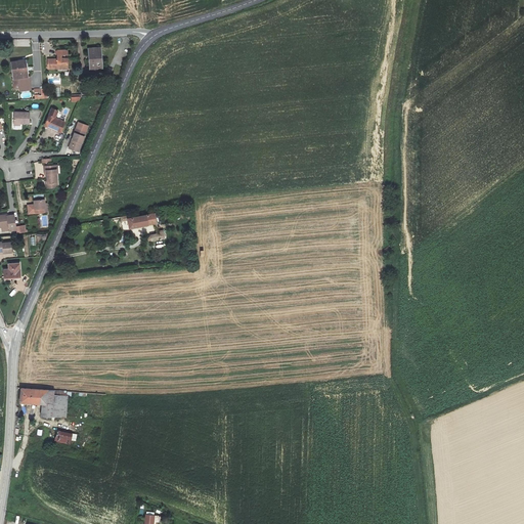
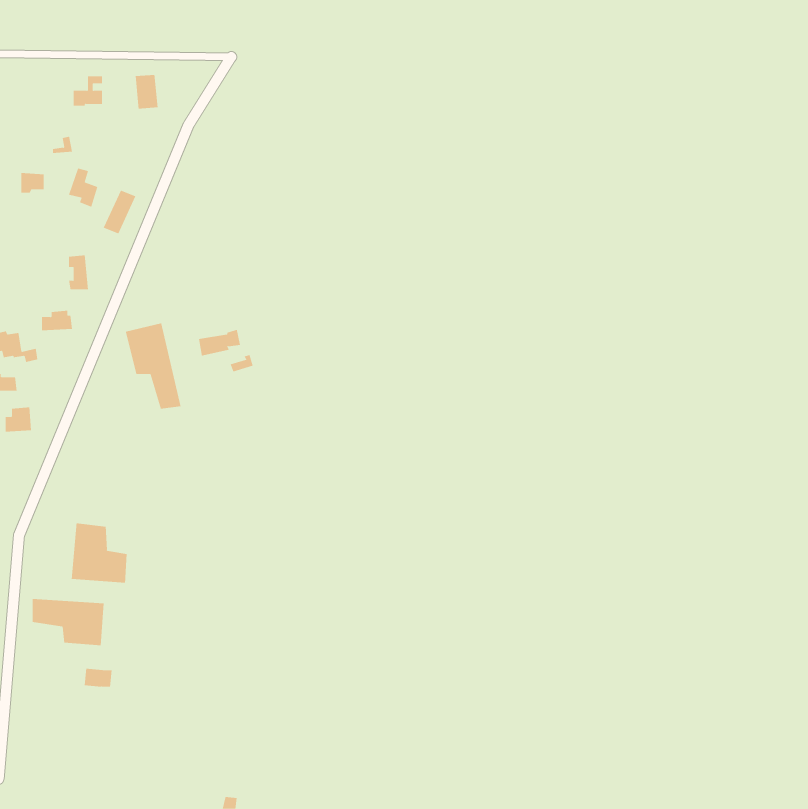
building: [10,60,30,91] -> none
building: none -> [125,322,181,409]
building: none -> [71,523,127,583]

